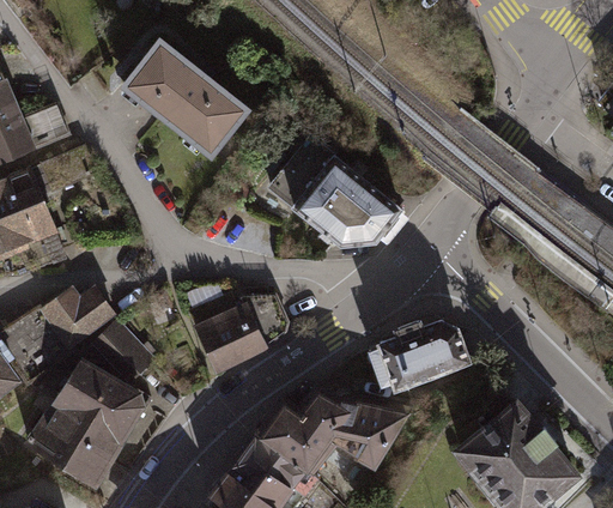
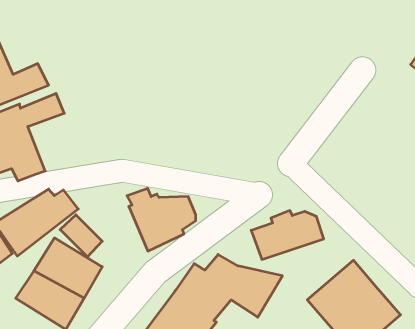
building: [120,36,251,159] -> none
building: [266,134,405,248] -> none

